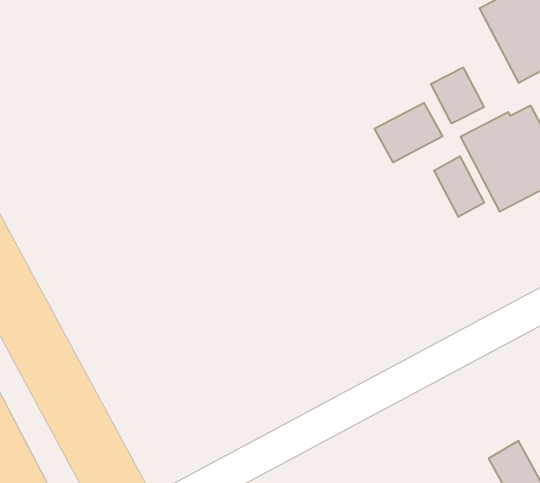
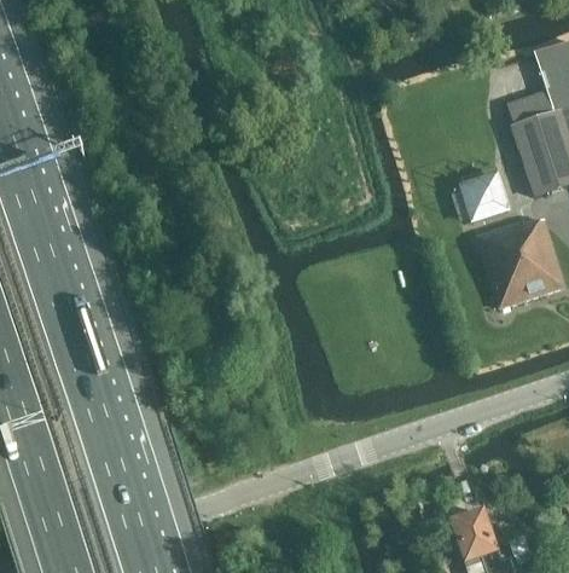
building: [375,103,442,162] -> none
building: [434,156,484,217] -> none

